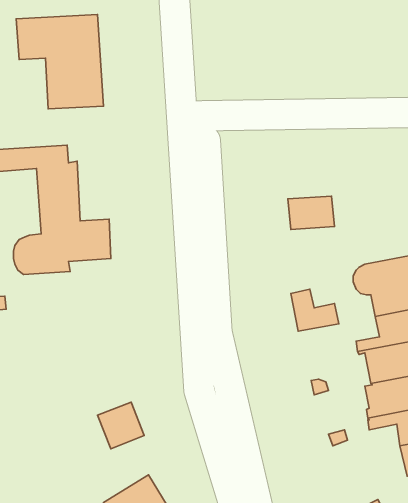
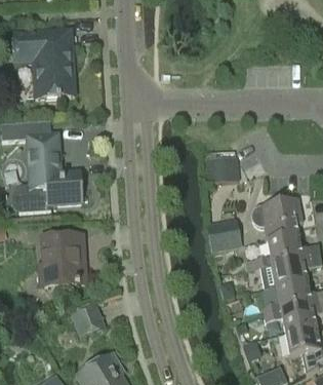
building: none -> [42,233,86,284]

